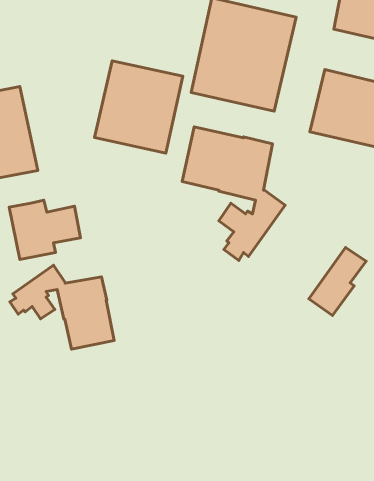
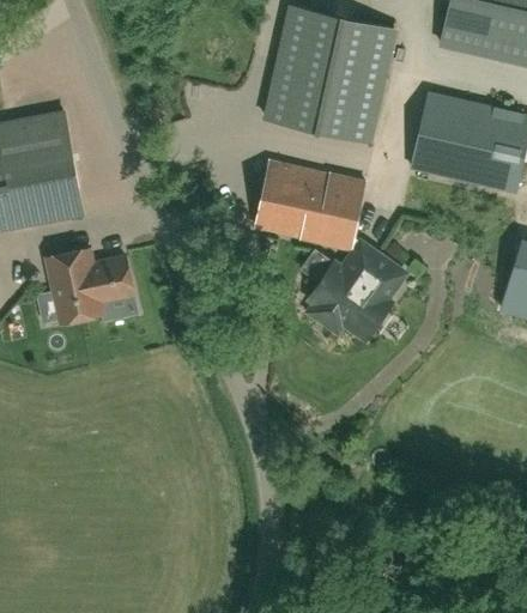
building: [94,61,183,153] -> none
building: [309,247,366,316] -> [337,256,406,339]
building: [10,265,114,349] -> none

